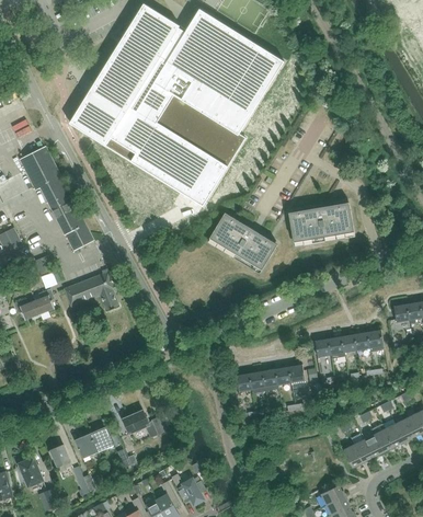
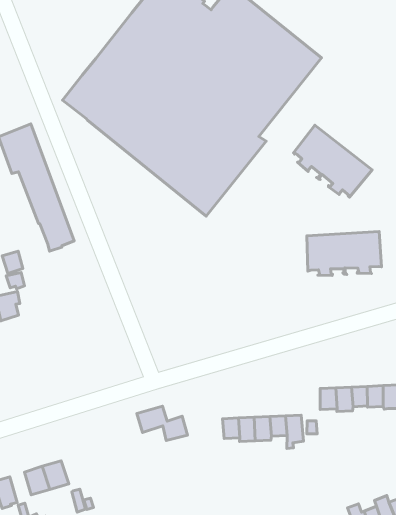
building: [209,212,277,269] -> [293,125,372,197]
building: [62,268,121,311] -> none
building: [122,409,167,437] -> [137,406,188,440]

